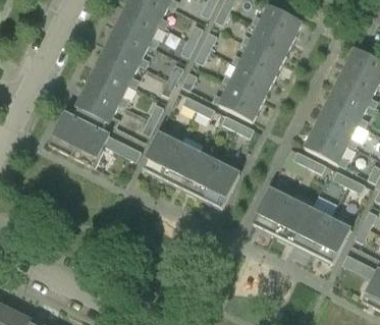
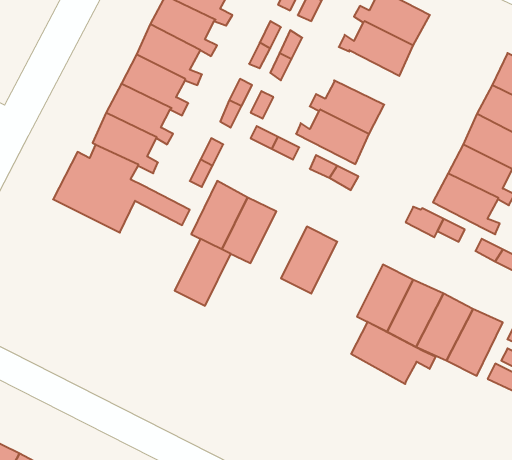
building: [232,44,282,80] -> none
building: [182,152,220,197] -> [175,239,231,306]
building: none -> [351,322,435,384]

